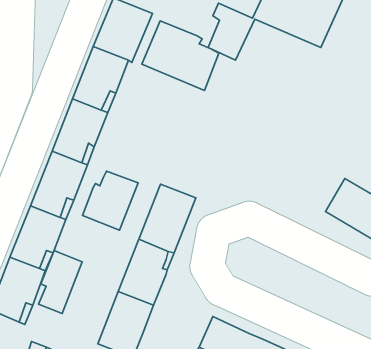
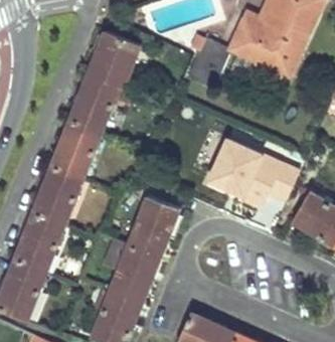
building: [142,21,219,90] -> none
building: none -> [203,138,301,211]
building: [83,171,138,230] -> none
building: [38,251,82,314] -> none

